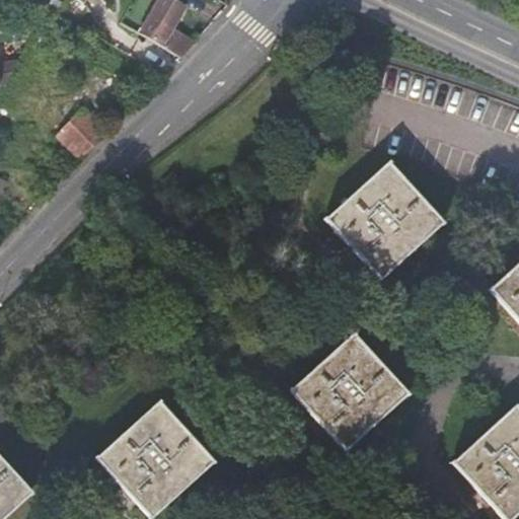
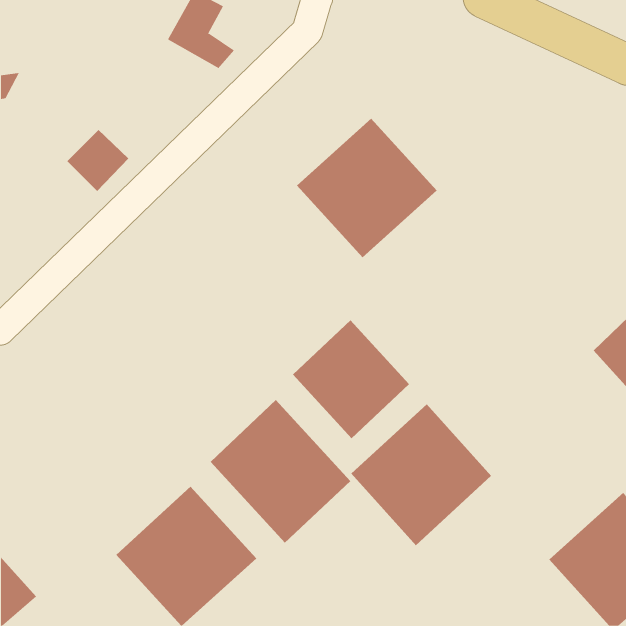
building: [326,162,443,278] -> [296,118,438,258]
building: none -> [292,320,410,439]
building: none -> [210,399,351,544]

